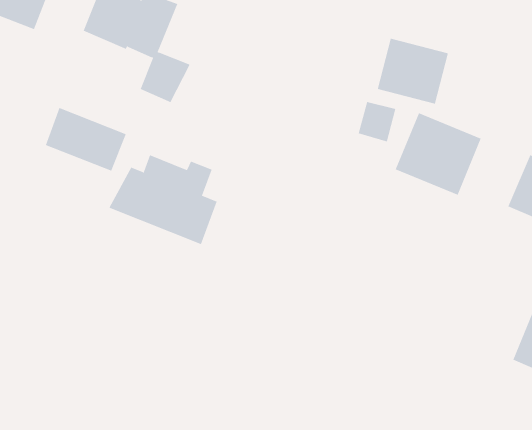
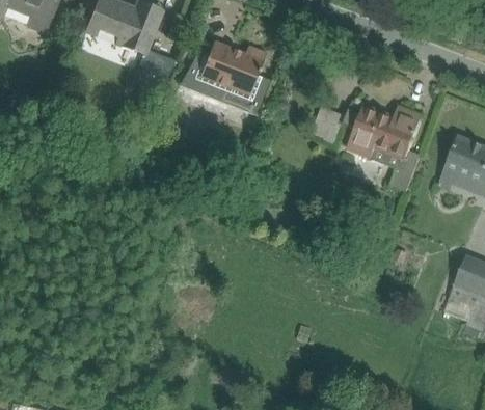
building: [377,38,448,104] -> none
building: [45,107,127,171] -> none
building: [109,155,218,245] -> [180,42,271,117]

